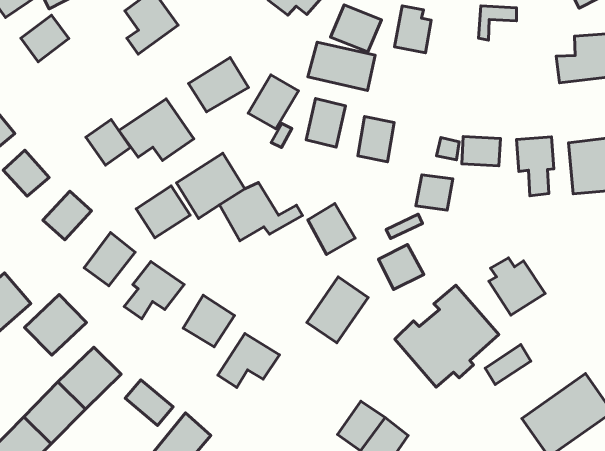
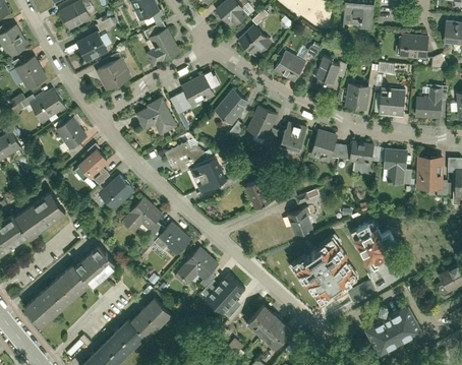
building: none -> [343,82,365,112]
building: [308,42,375,90] -> none
building: none -> [378,95,404,115]
building: [86,120,131,165] -> [96,62,123,90]
building: [416,175,453,210] -> [309,131,335,156]
building: [136,186,190,238] -> none
building: [307,277,368,343] -> [207,275,247,316]
building: [25,295,86,355] -> none
building: [125,380,173,425] -> none

